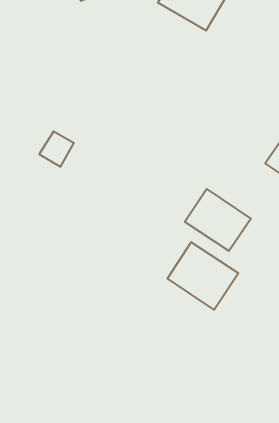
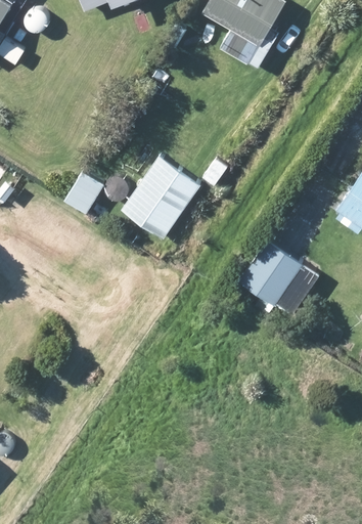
building: none -> [120,157,199,241]
building: [168,242,238,310] -> none

